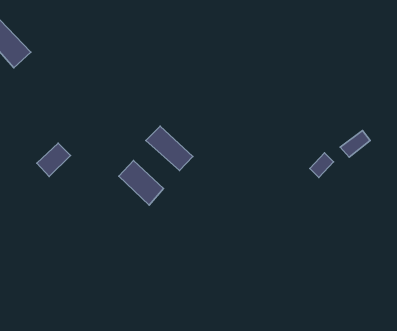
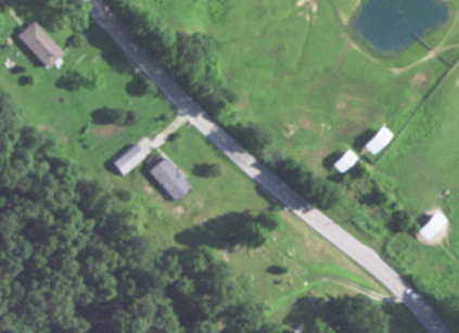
building: [146,126,193,171] -> none
building: [37,143,70,177] -> [112,142,144,175]

